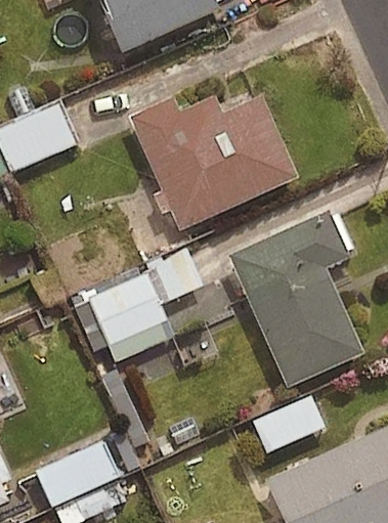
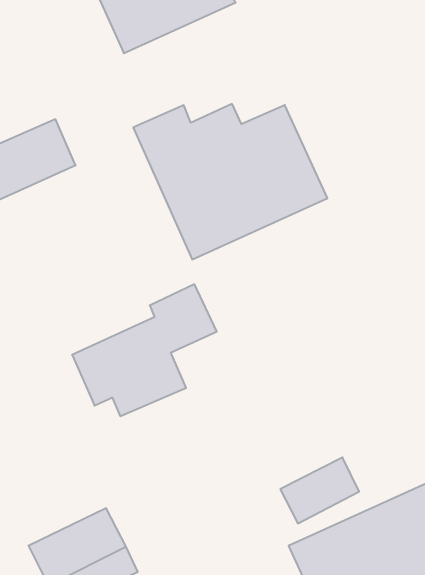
building: [227,208,363,386] -> none

